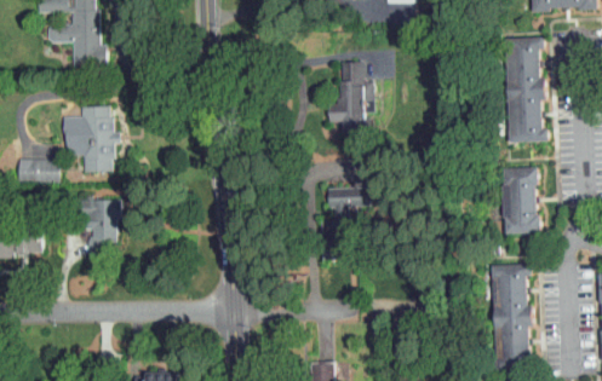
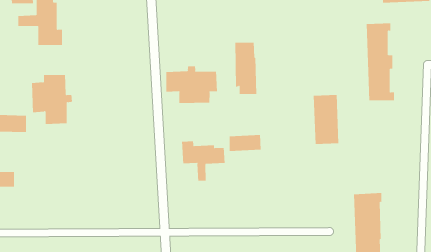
building: none -> [166,65,218,104]
building: [503,167,538,233] -> [313,95,339,144]
building: none -> [181,141,225,182]
building: [86,198,119,256] -> none

